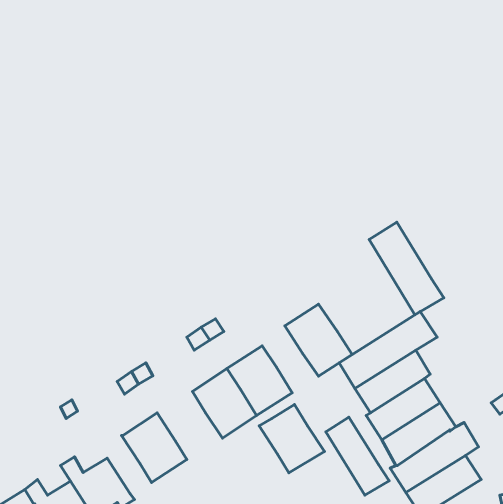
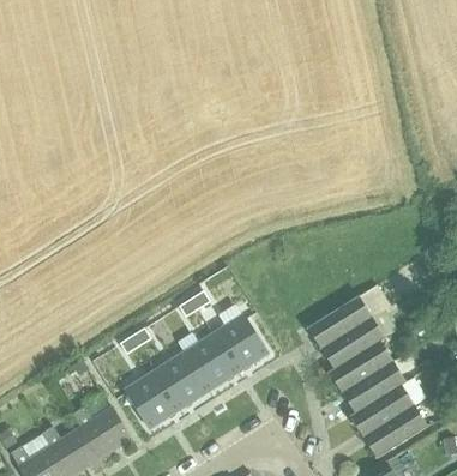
building: [369,222,444,315] -> none
building: [285,304,352,376] -> none
building: [259,404,324,473] -> [155,351,210,409]
building: [326,417,389,495] -> none

